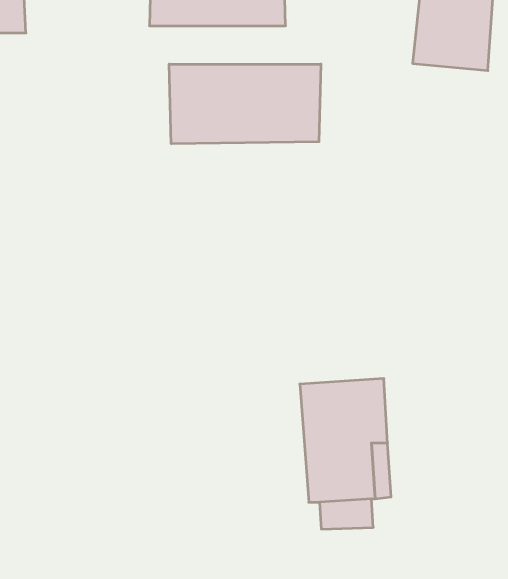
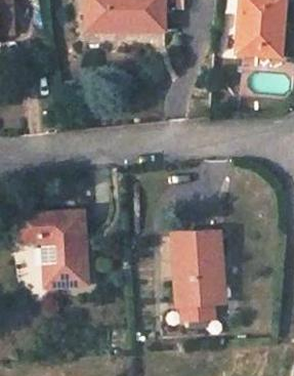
building: [169,64,321,144] -> none
building: none -> [16,213,86,287]

